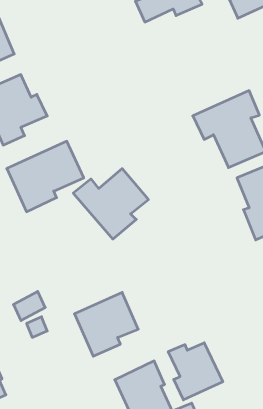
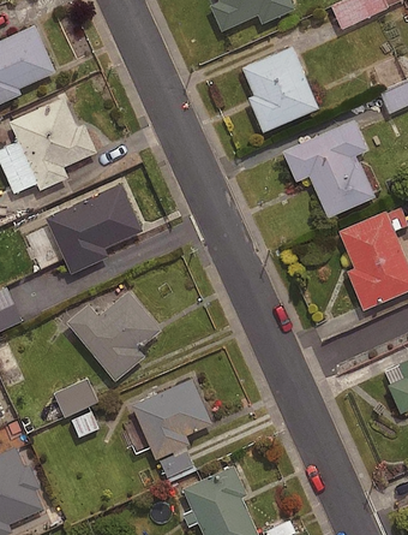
building: none -> [241,47,319,133]
building: [73,169,148,239] -> [65,292,161,382]
building: [168,343,223,400] -> none

